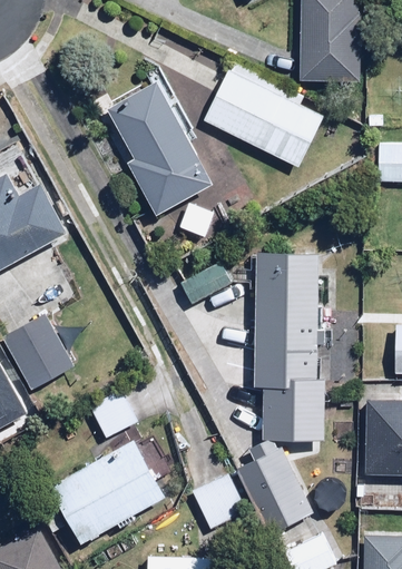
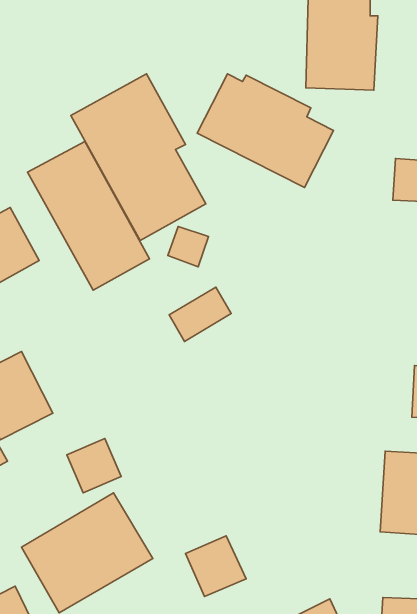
building: none -> [28,142,149,290]
building: [254,253,325,441] -> none
building: [235,449,314,539] -> none

